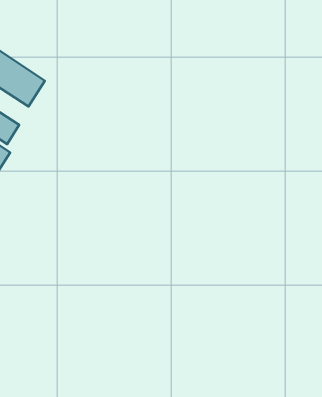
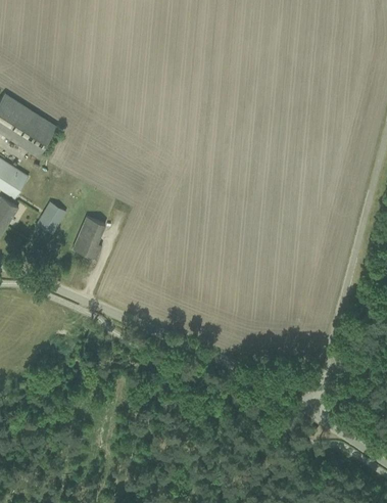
building: none -> [36,202,66,234]
building: none -> [71,217,105,259]

